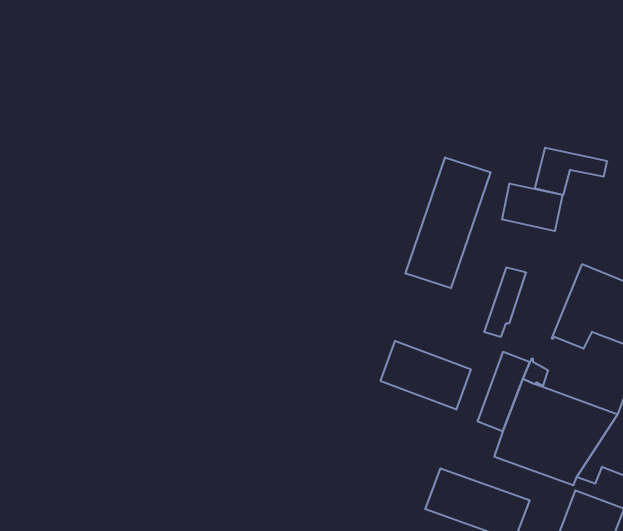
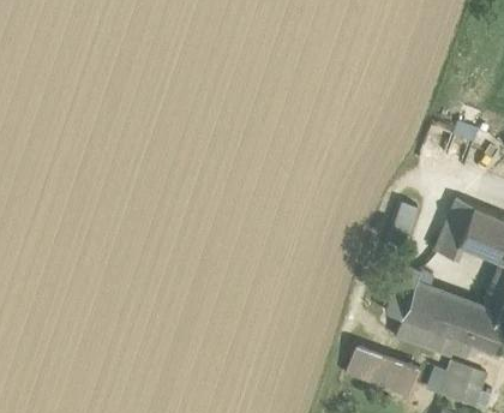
building: [405,157,491,288] -> none
building: [502,183,562,231] -> none
building: [381,341,471,410] -> none

